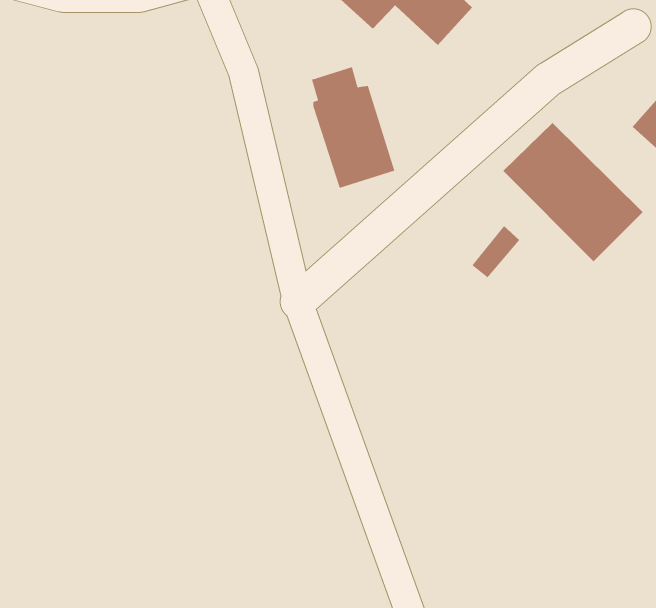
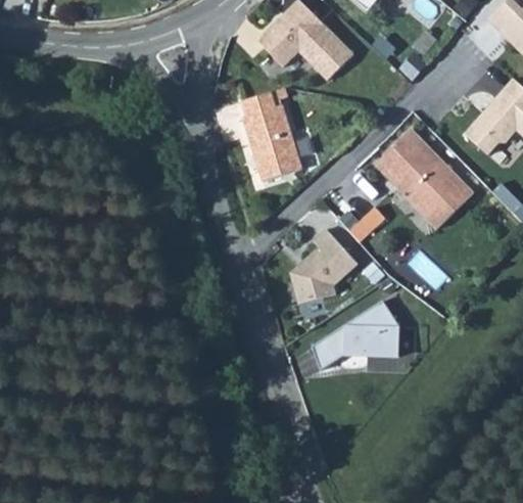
building: none -> [289,229,358,304]
building: none -> [314,299,402,370]

